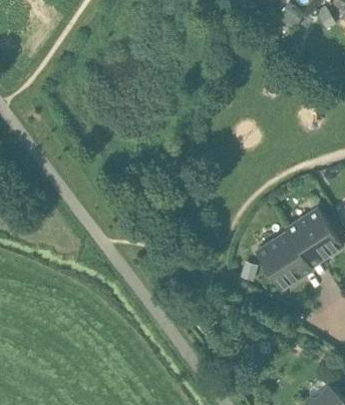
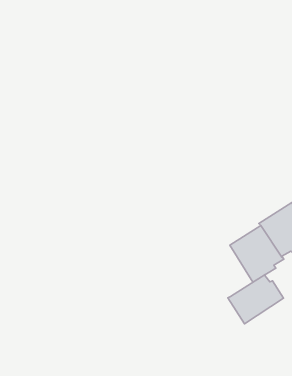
building: none -> [228,275,284,324]

